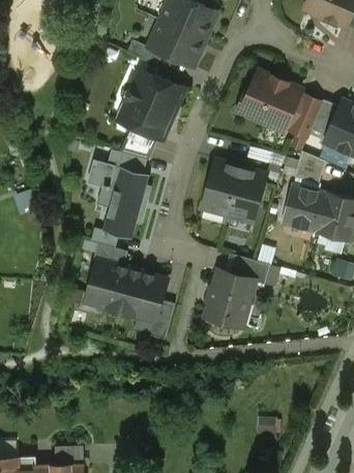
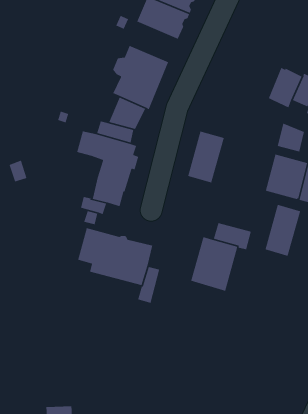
building: [237,71,300,127] -> none
building: [227,168,265,223] -> [264,204,301,257]

